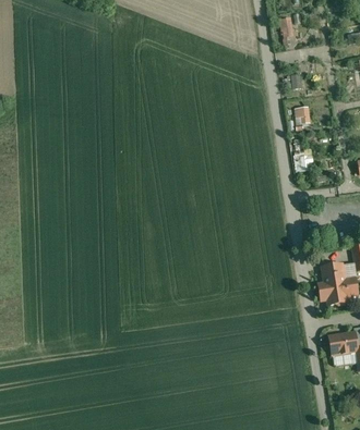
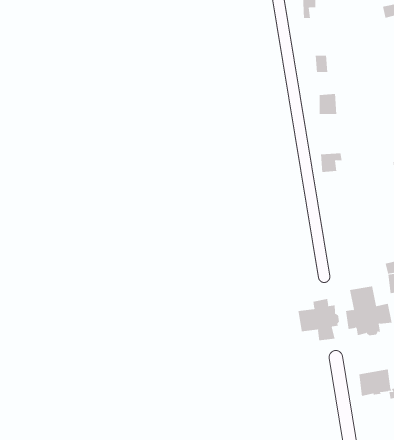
building: none -> [298,298,340,341]

